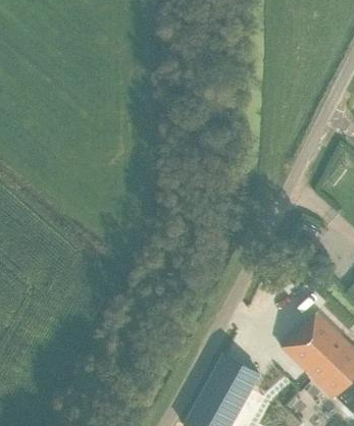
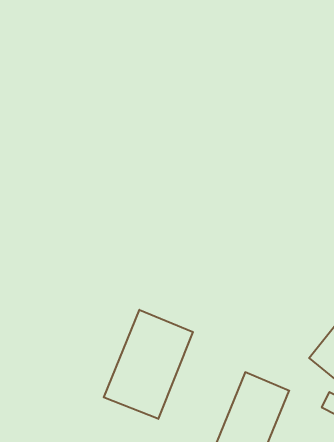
building: none -> [104,310,193,419]

